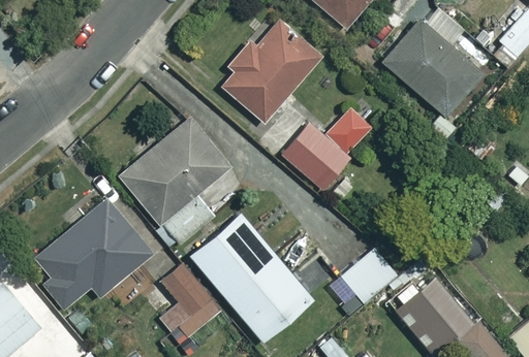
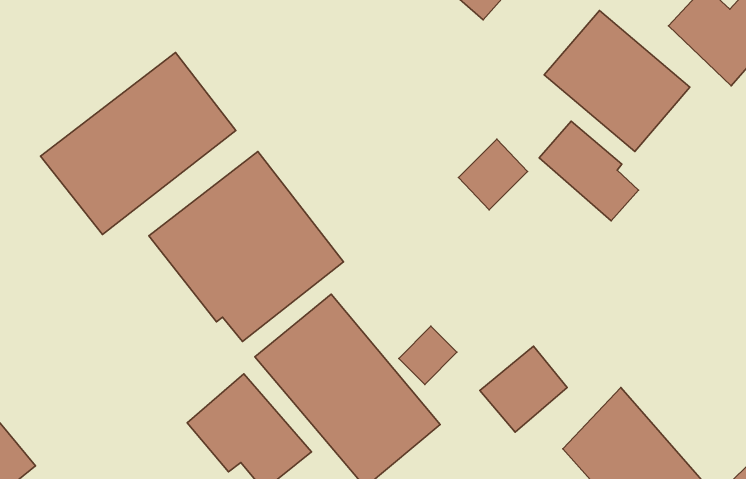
building: [219,20,320,123] -> none
building: none -> [40,53,236,234]
building: [271,127,338,194] -> [539,121,639,221]
building: [36,200,151,310] -> none

